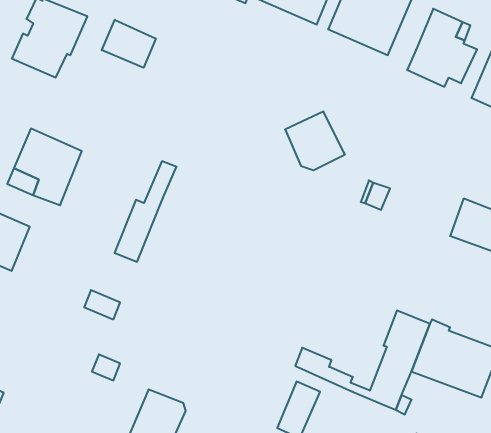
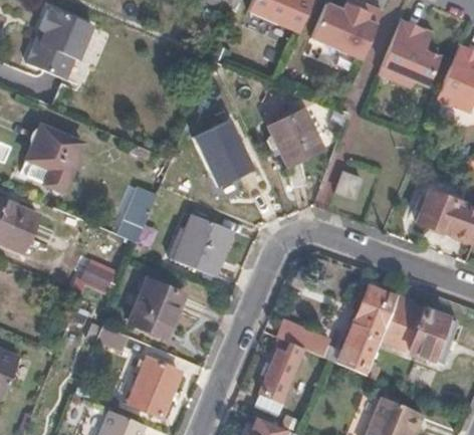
building: [102,20,156,68] -> none
building: none -> [192,120,250,186]
building: none -> [175,217,233,277]
building: none -> [128,279,185,339]

